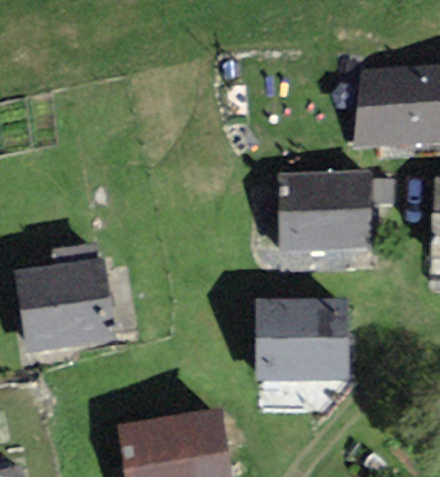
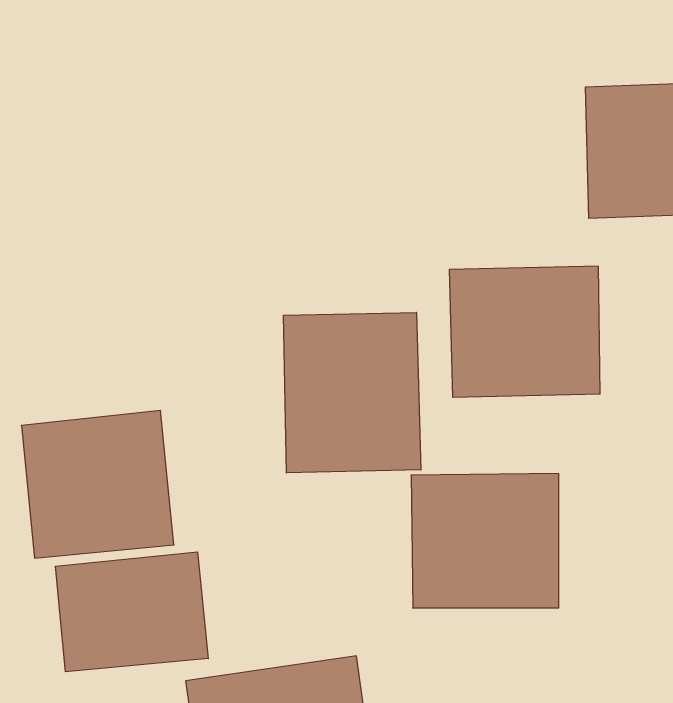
building: none -> [283,312,421,473]
building: none -> [55,552,208,672]

